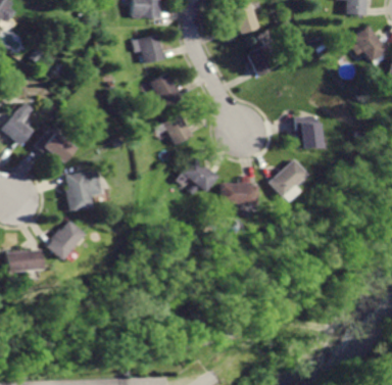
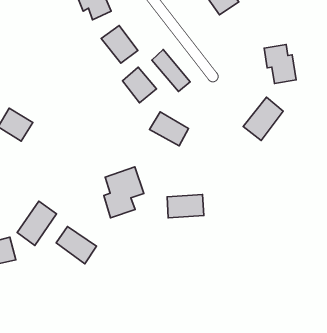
building: none -> [152,50,190,91]
building: [64,170,101,212] -> [104,167,144,218]
building: [219,182,254,204] -> [167,194,204,218]
building: none -> [56,226,96,264]

